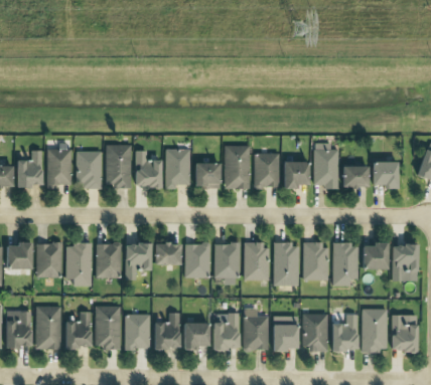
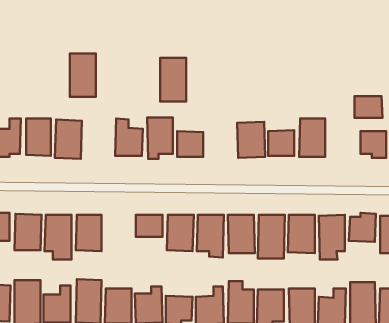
building: [106,145,131,187] -> [70,53,96,97]
building: [225,146,250,188] -> [160,58,186,101]
building: [341,166,369,187] -> [354,96,382,118]
building: [125,243,150,280] -> none

